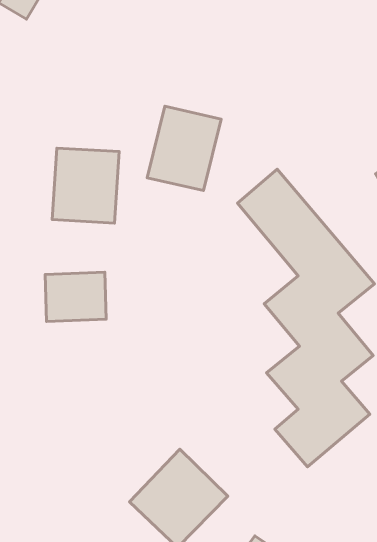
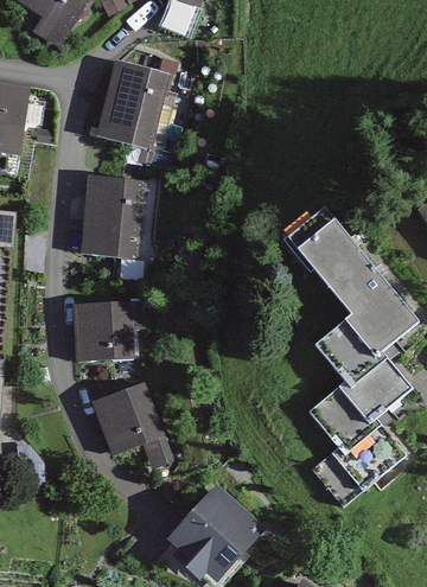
building: [147,106,221,191] -> [102,63,177,148]
building: none -> [98,381,179,468]

